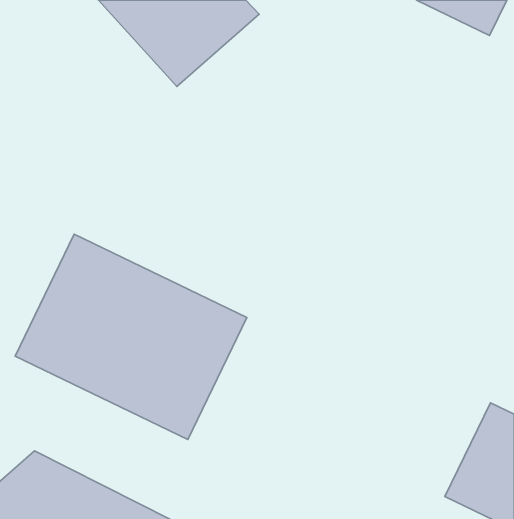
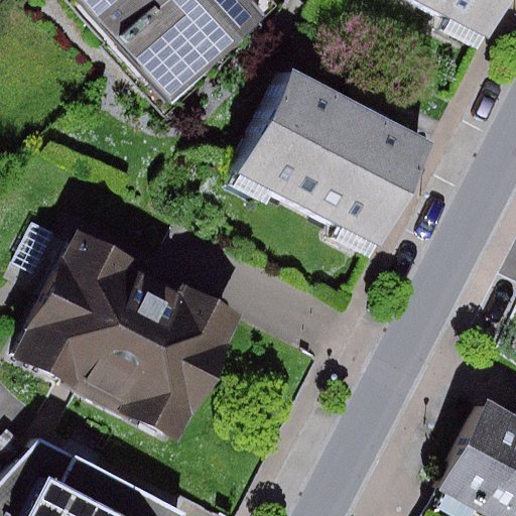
building: none -> [235,70,431,245]

